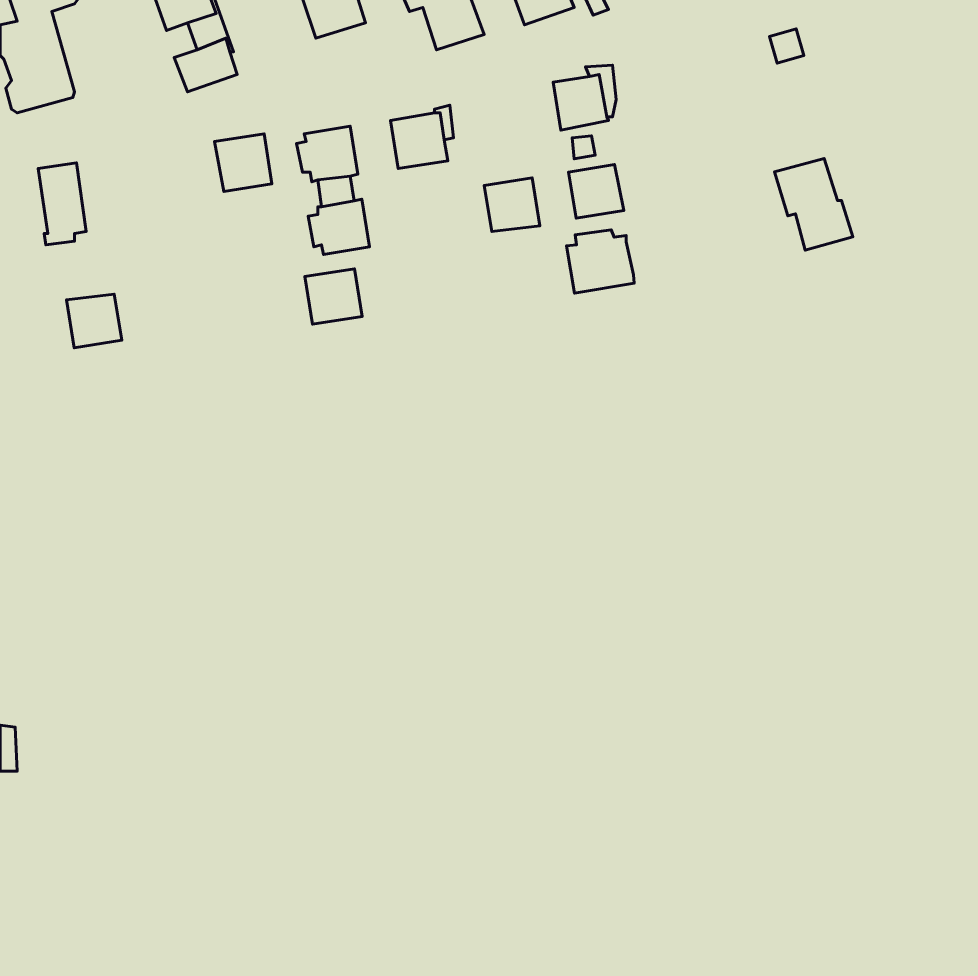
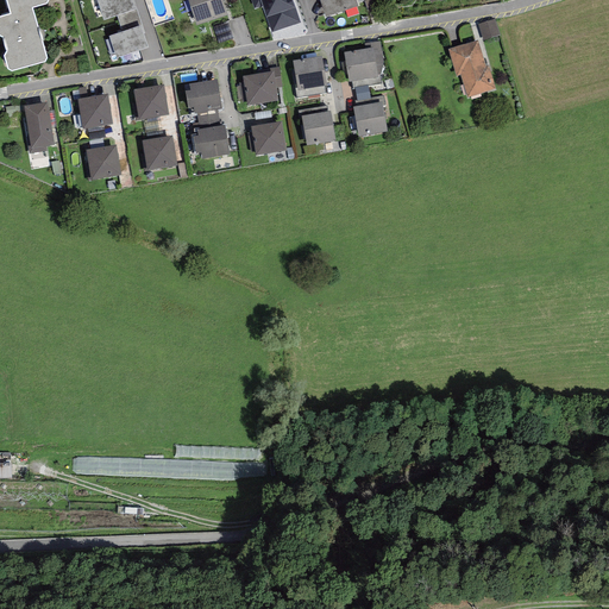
building: none -> [293,55,326,89]
building: none -> [77,93,112,127]
building: [774,158,853,250] -> [447,39,496,96]
building: none -> [251,121,287,155]
building: [567,230,634,293] -> none
building: [305,269,362,324] -> [142,134,177,169]
building: [66,294,122,348] -> [86,145,120,178]

